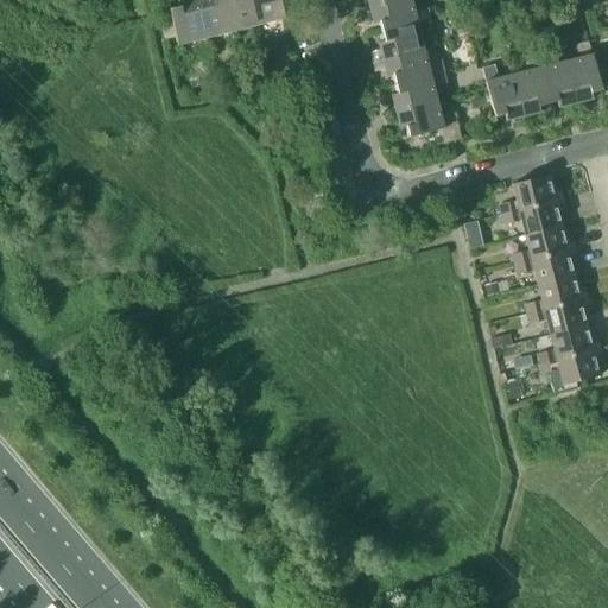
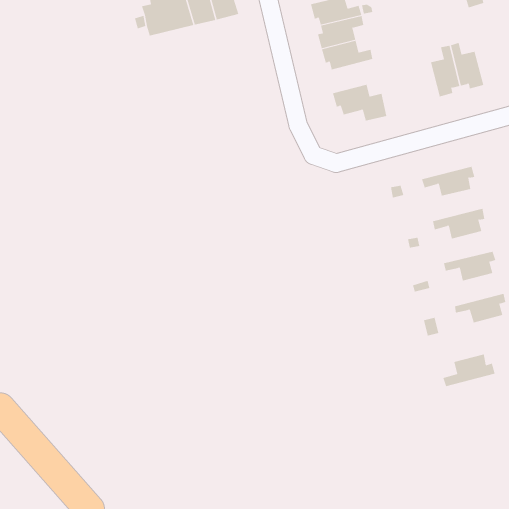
building: [566,39,602,101] -> none
building: [483,63,524,119] -> none
building: [393,70,449,110] -> none
building: [501,173,563,213] -> none
building: [513,224,576,262] -> none
building: [526,274,588,312] -> none
building: [538,324,601,363] -> [442,354,495,387]

